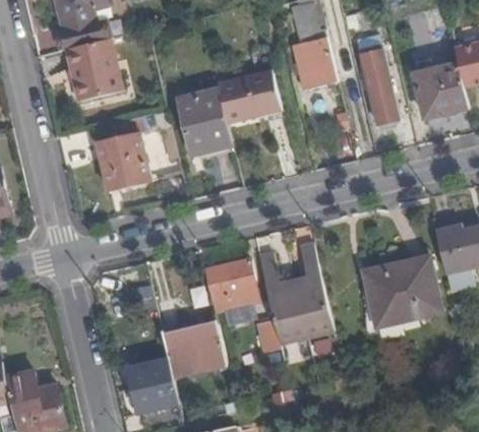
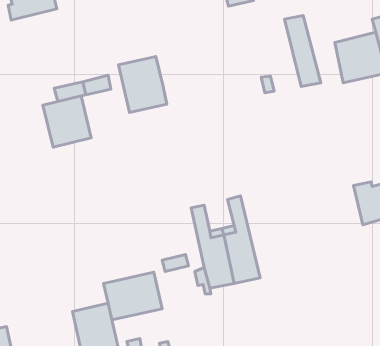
building: [293,35,338,90] -> none
building: [65,39,123,101] -> none
building: [218,69,281,123] -> none
building: [364,257,439,326] -> none
building: [208,258,252,290] -> none

